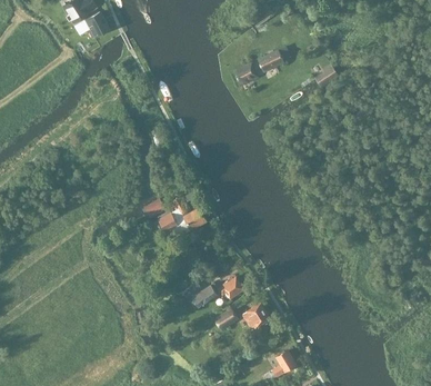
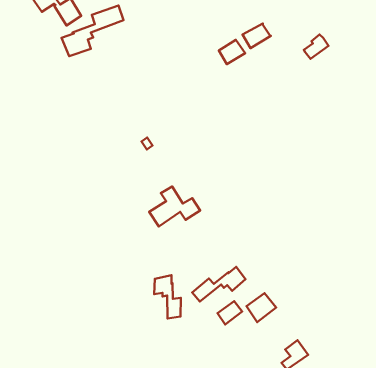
building: none -> [61,6,124,56]
building: none -> [154,275,181,319]

